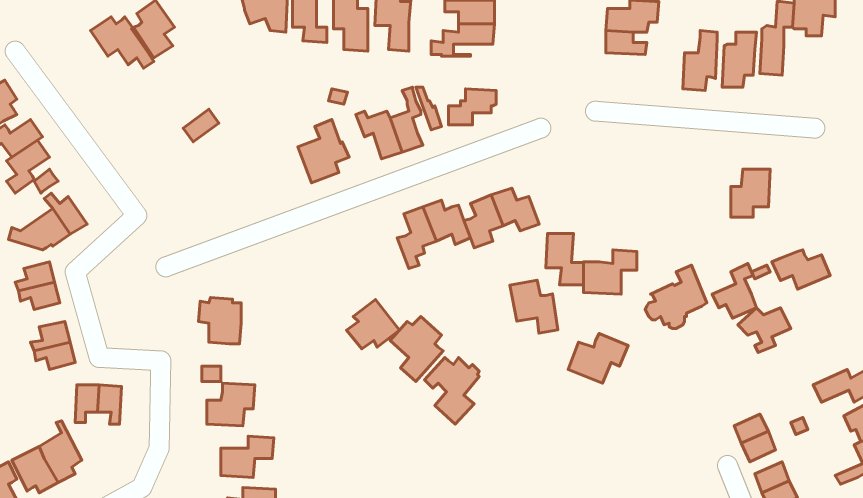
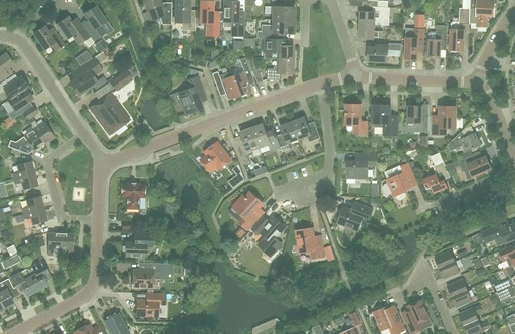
building: none -> [32,25,64,51]
building: none -> [263,38,295,59]
building: none -> [368,42,401,61]
building: none -> [70,58,102,95]
building: none -> [89,92,130,134]
building: none -> [373,105,397,135]
building: none -> [407,105,428,132]
building: [546,234,584,285] -> [345,104,367,134]
building: [510,280,558,333] -> [296,227,324,259]
building: [346,299,399,349] -> [200,142,231,171]
building: [738,308,791,352] -> [450,132,481,158]

